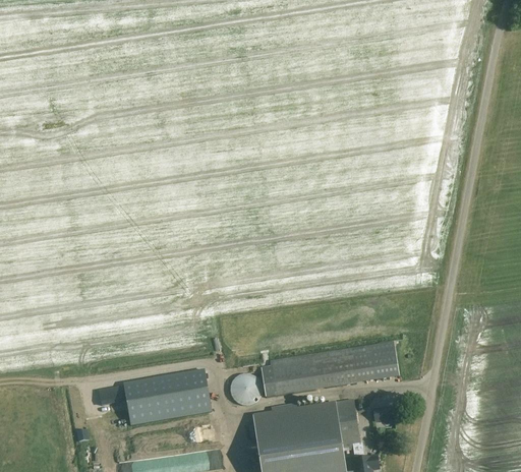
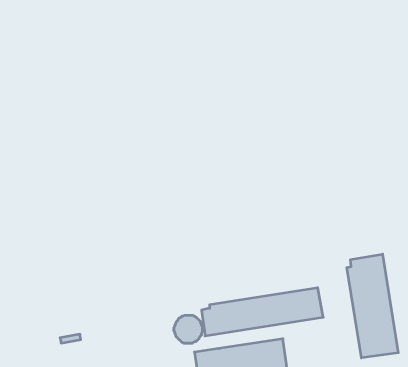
building: none -> [347,254,398,358]
building: [123,368,211,424] -> none

